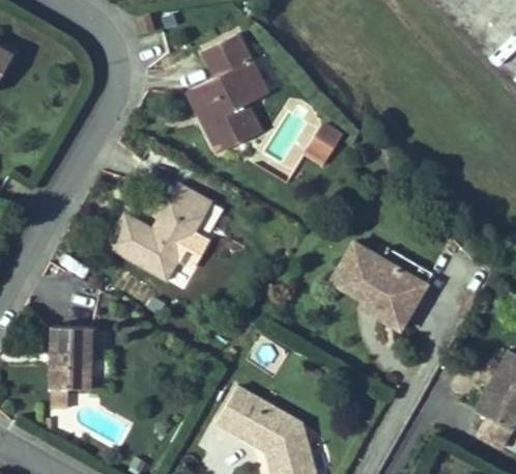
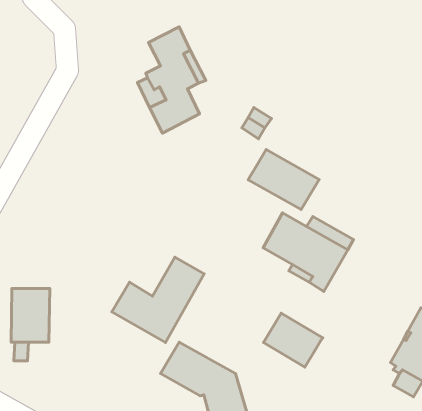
building: none -> [248,150,319,210]
building: [108,185,211,280] -> [112,257,204,342]
building: none -> [263,313,323,367]

